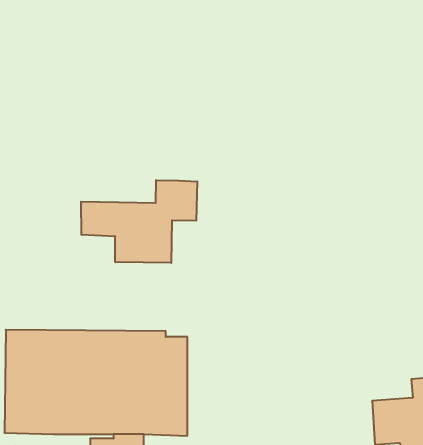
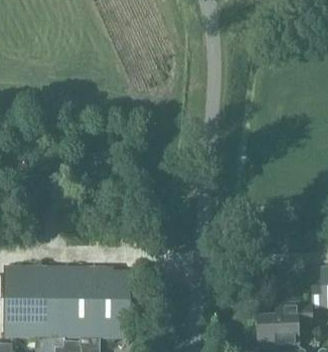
building: [81,180,197,263] -> none

